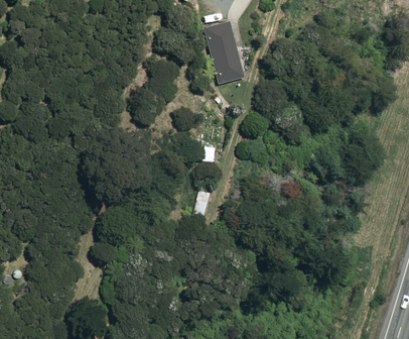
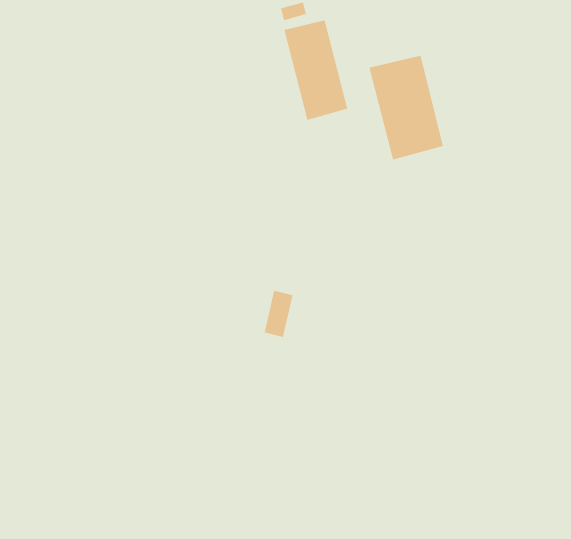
building: none -> [369,55,444,160]

